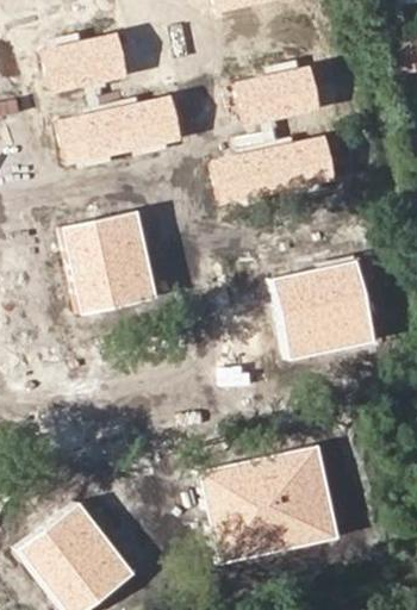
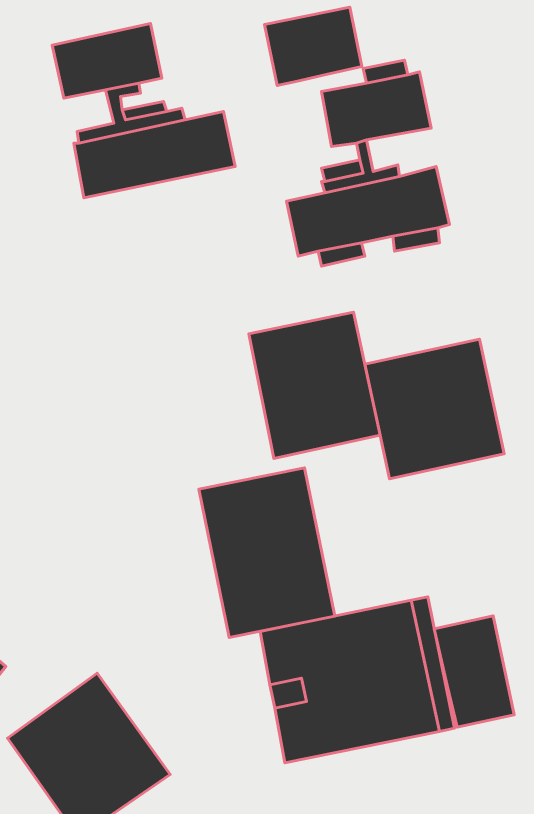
building: none -> [264,7,362,85]
building: [63,210,157,315] -> [249,312,380,458]
building: none -> [199,468,335,638]
building: none -> [434,616,514,727]

